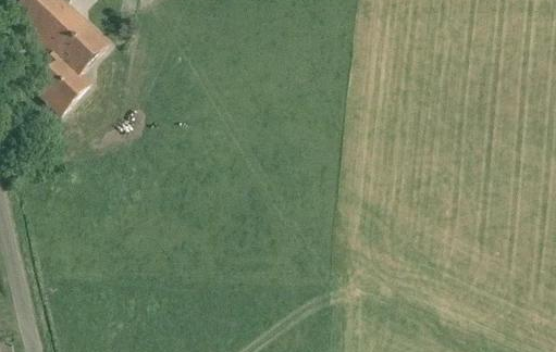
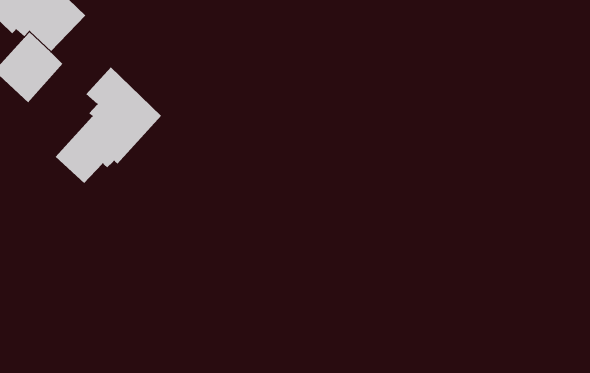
building: none -> [55,67,162,184]

